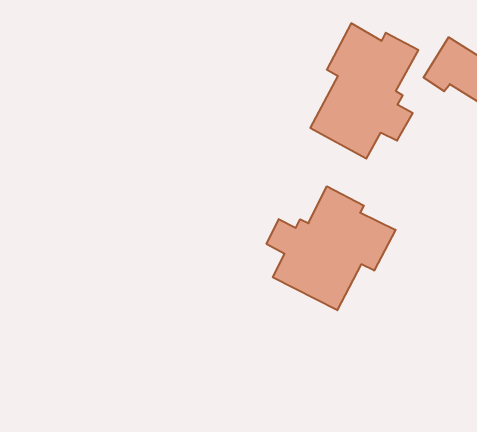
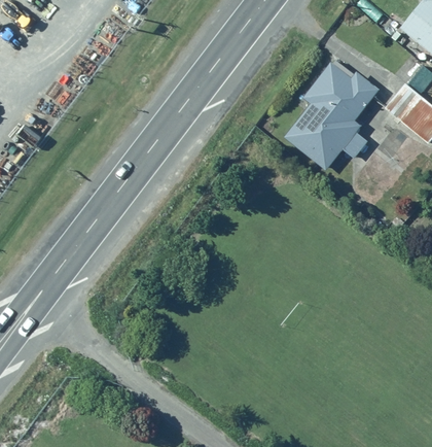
building: [267,186,396,310] -> none

